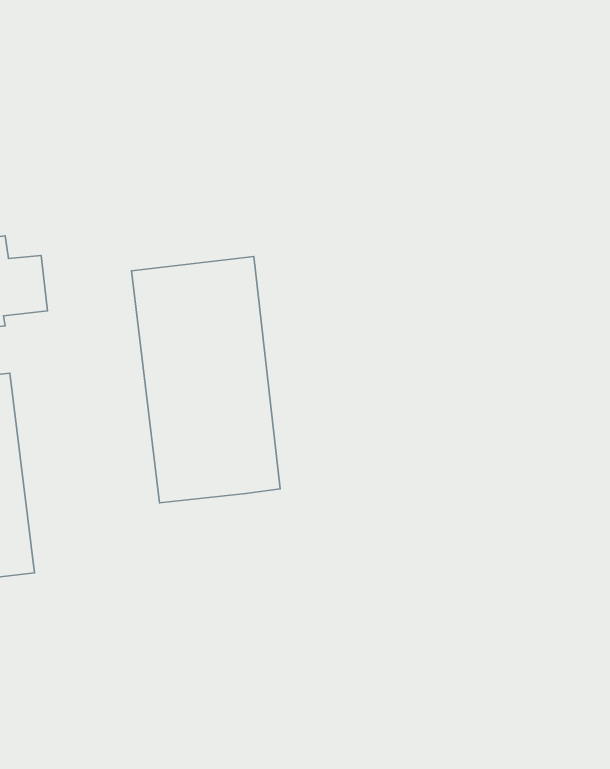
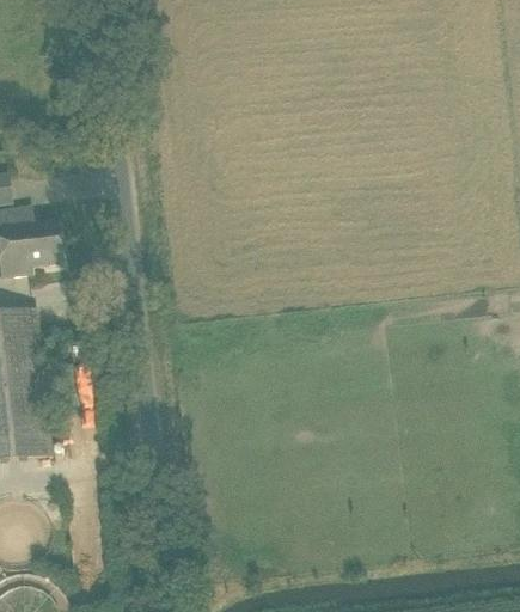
building: [132,256,280,503] -> none

